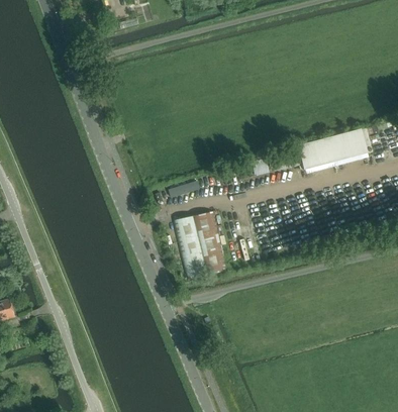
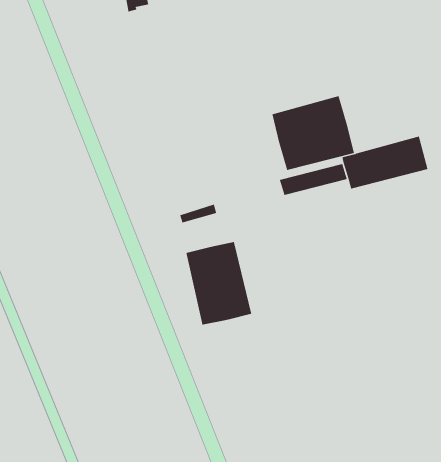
building: none -> [271,95,355,171]

